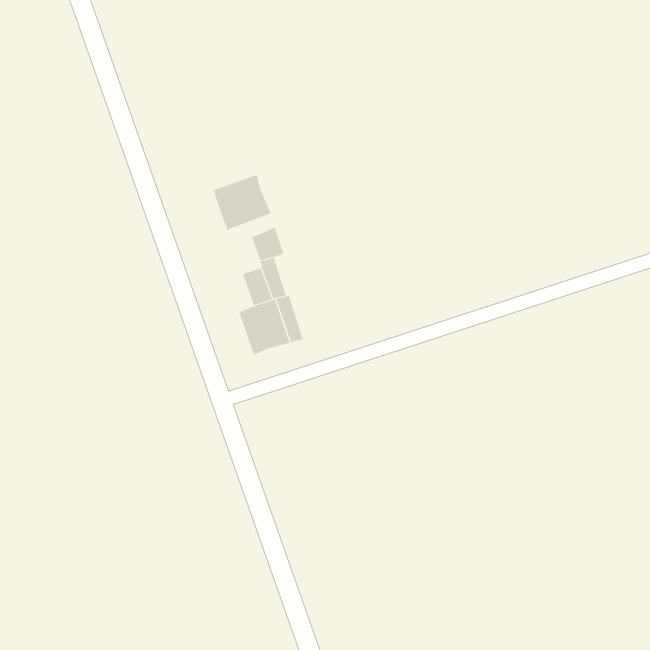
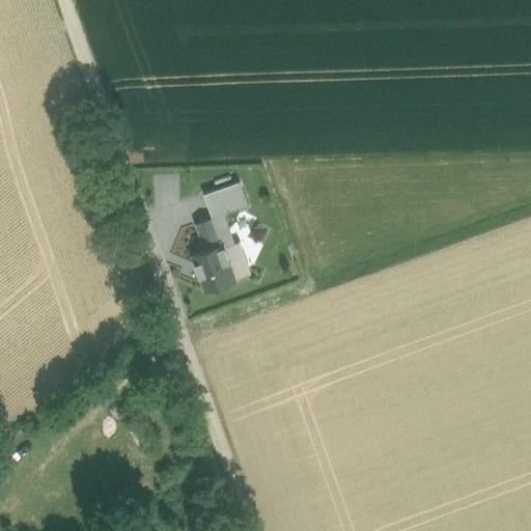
building: [213,174,271,230] -> none

